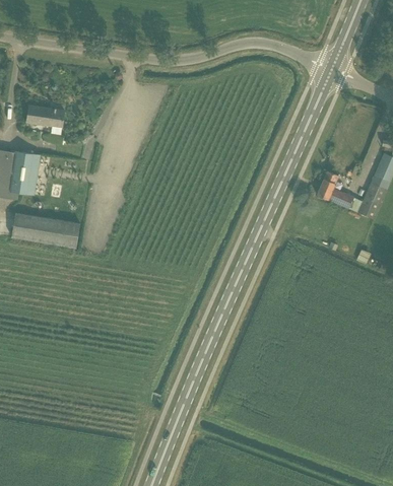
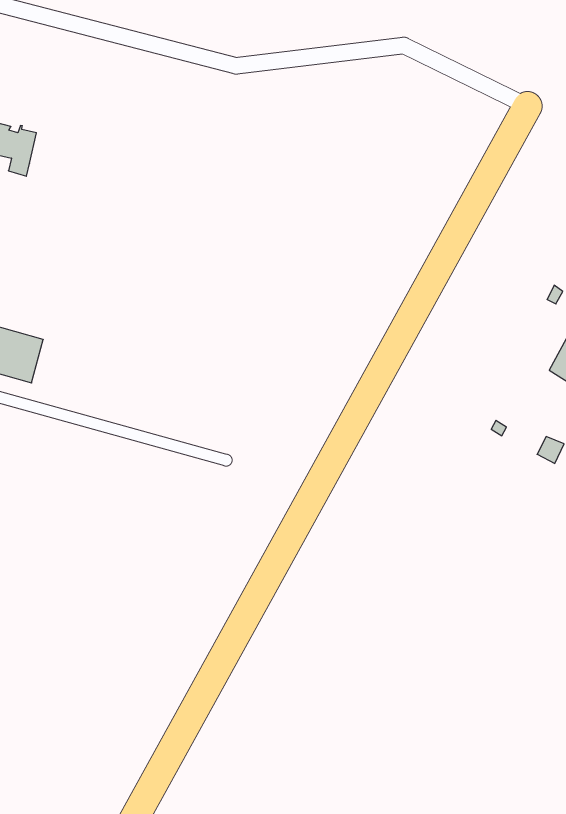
building: [317,170,353,208] -> none

